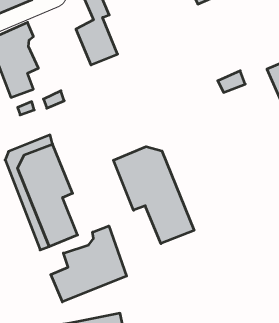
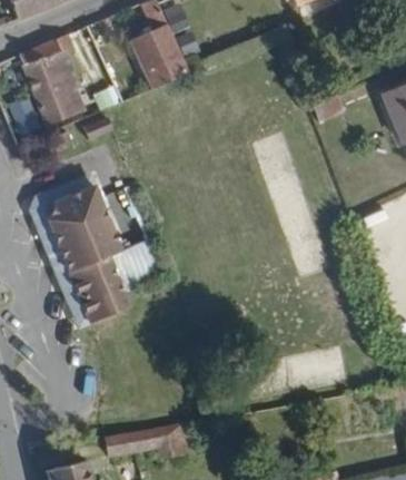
building: [113,147,194,244] -> none
building: [51,226,127,302] -> none

